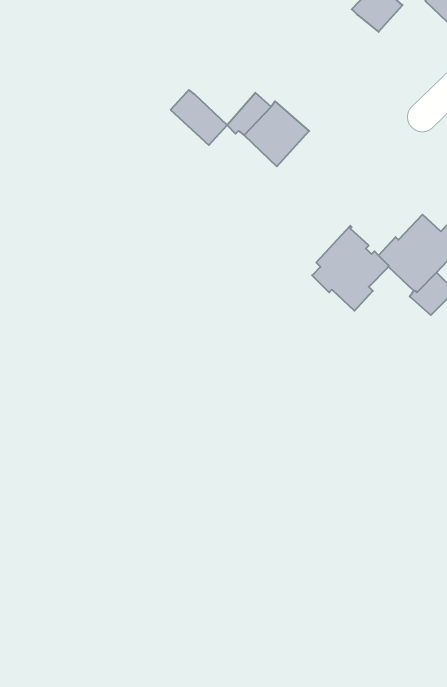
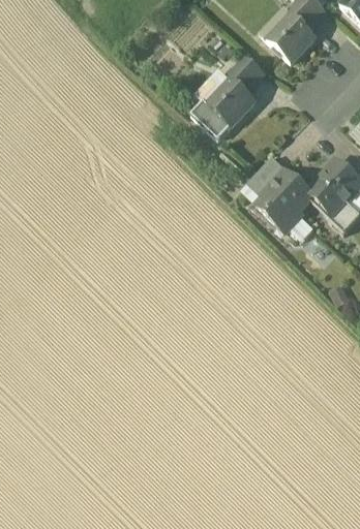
building: none -> [268,13,316,61]
building: none -> [227,54,264,90]
building: [171,90,227,145] -> [190,98,232,138]
building: none -> [248,156,286,194]

